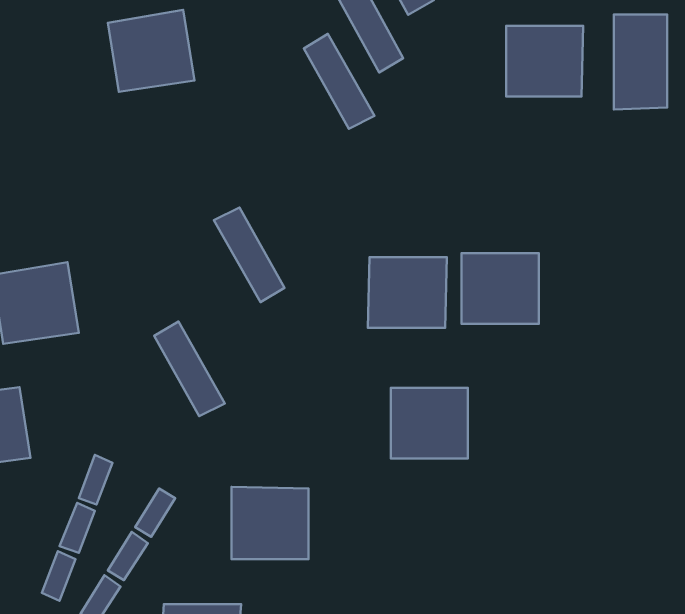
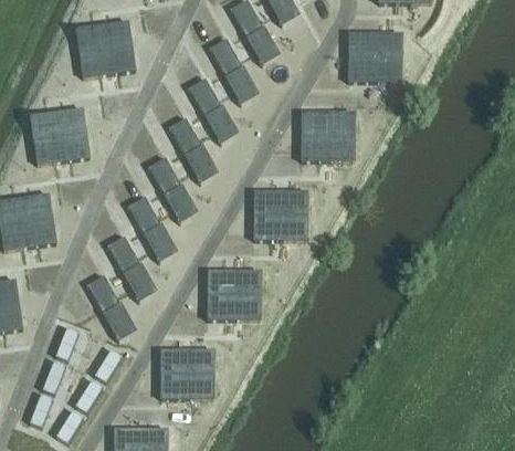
building: [614,14,667,109] -> none
building: none -> [189,76,238,141]
building: none -> [29,108,88,165]
building: none -> [169,116,217,181]
building: [462,253,539,324] -> [302,111,355,159]
building: none -> [128,195,176,260]
building: none -> [86,274,135,339]
building: [391,388,468,458] -> [208,270,261,318]

